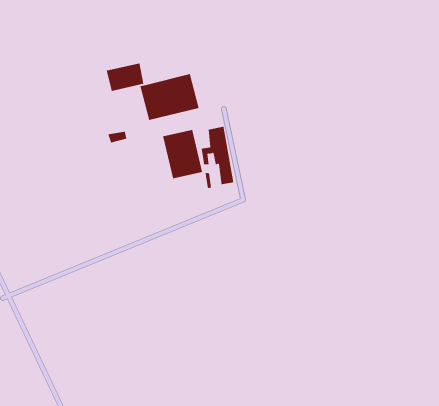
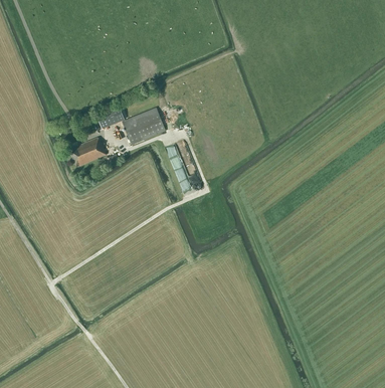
building: none -> [69,138,107,167]
building: [162,129,203,179] -> none

